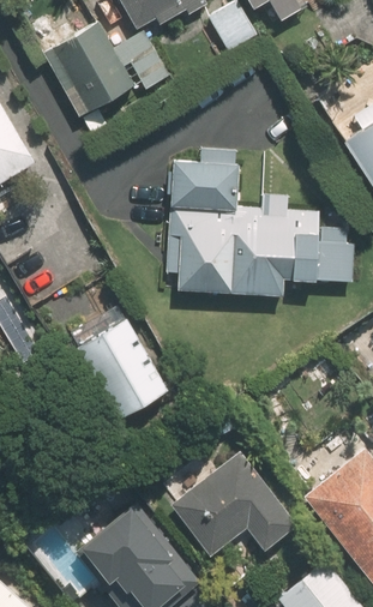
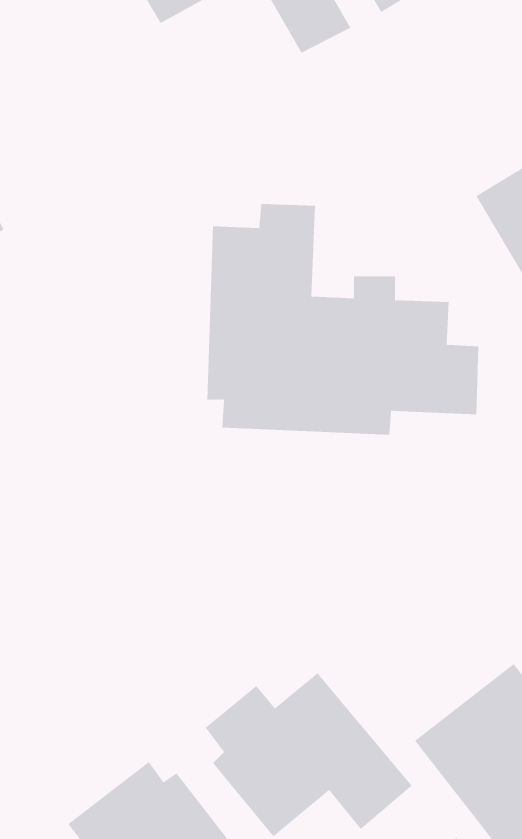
building: [42,22,137,127] -> none
building: [74,312,172,419] -> none

